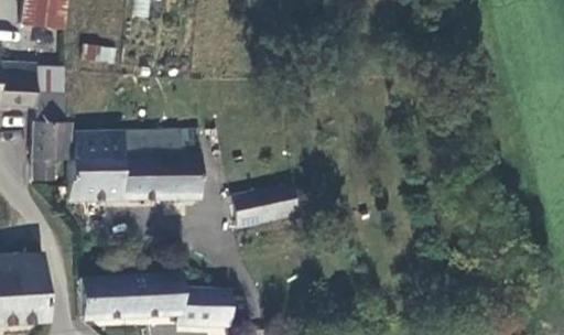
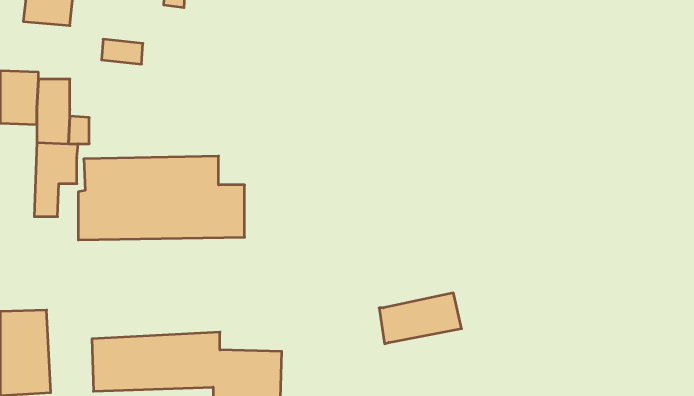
building: [232,185,299,226] -> [379,293,462,344]

